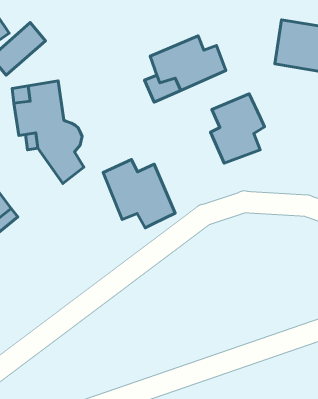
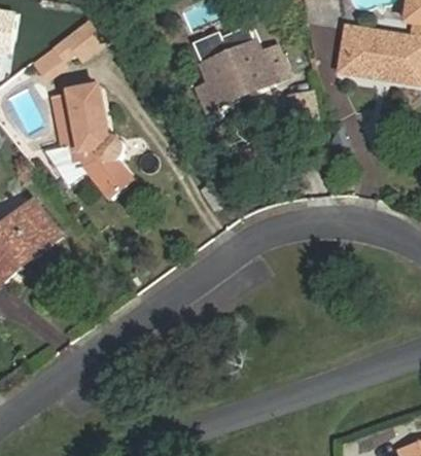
building: [210,94,264,163] -> none
building: [103,159,175,228] -> none

